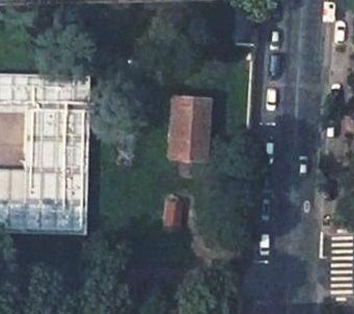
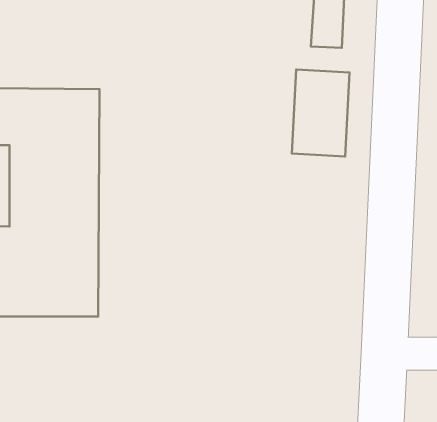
building: [168,98,209,160] -> [292,70,349,157]

